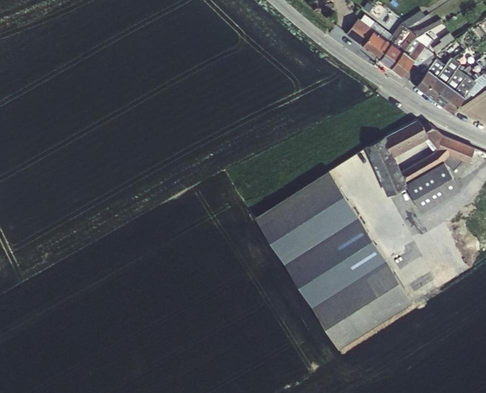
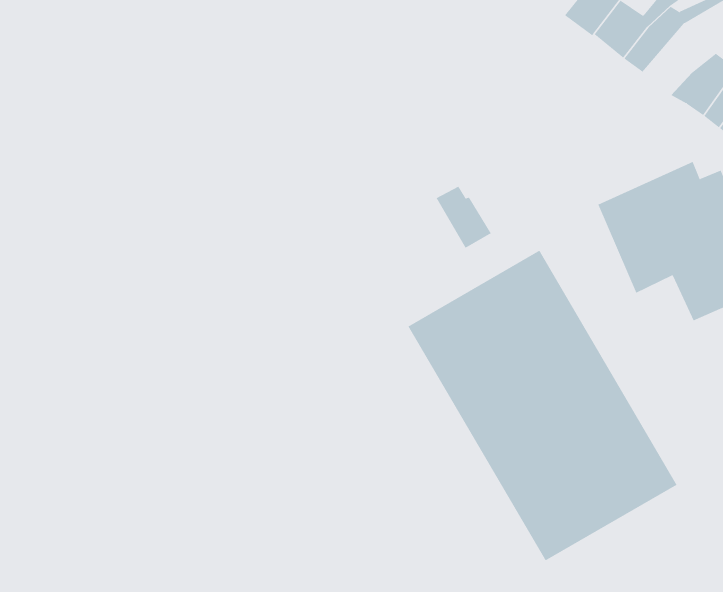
building: [391,41,433,82] -> none
building: none -> [436,186,492,249]

